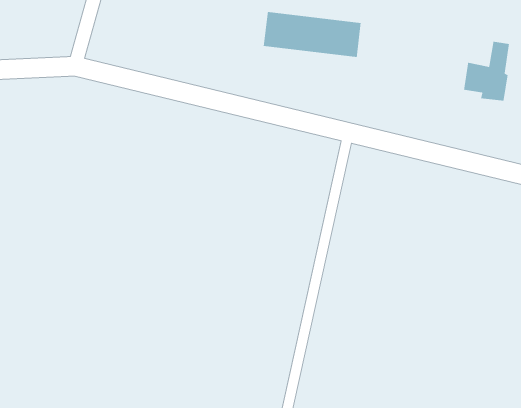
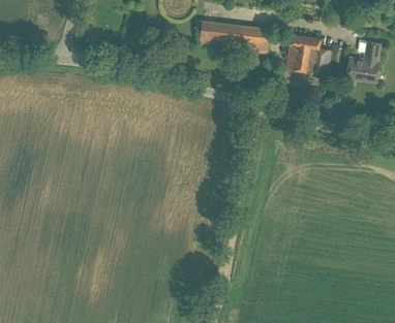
building: none -> [285,34,331,74]

